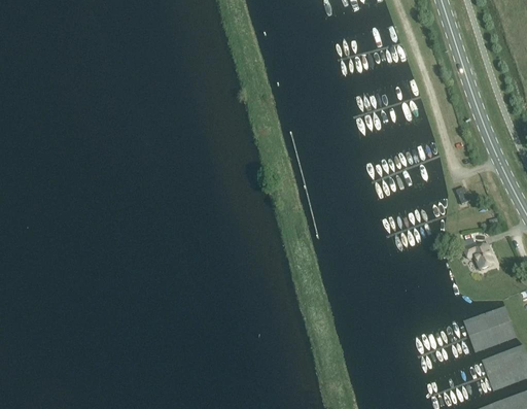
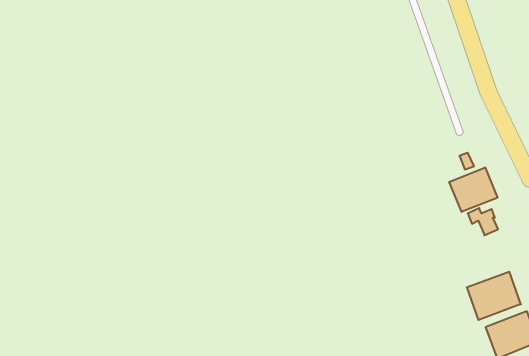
building: none -> [449,167,497,212]

